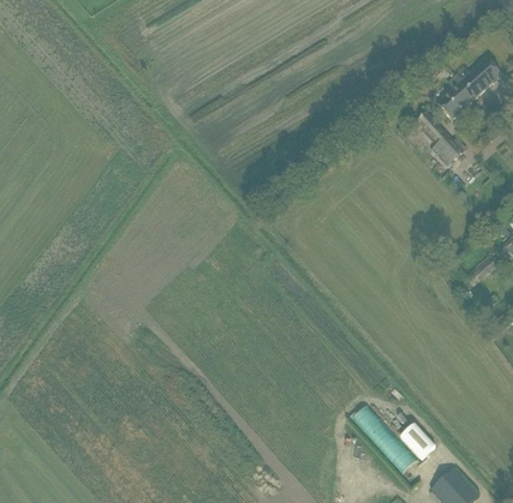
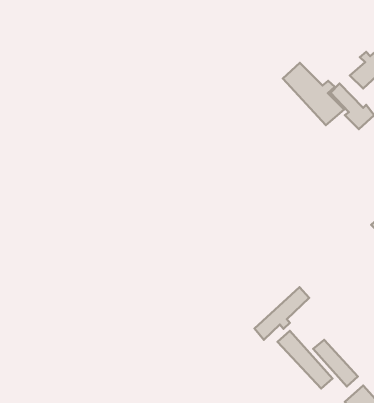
building: none -> [283,63,344,125]
building: none -> [254,287,309,340]

